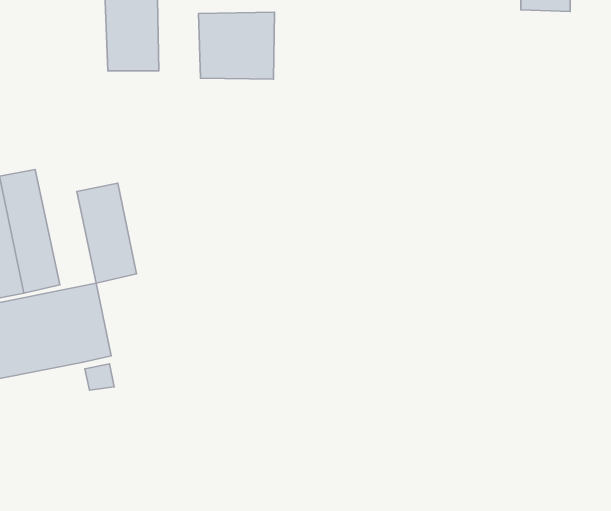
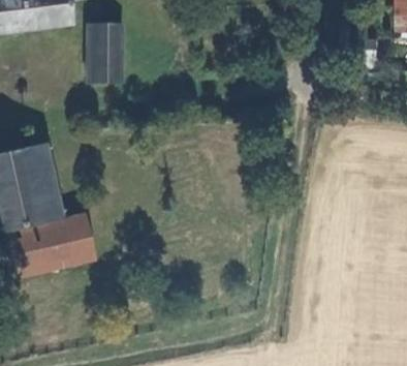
building: [199,12,274,79] -> none
building: [77,183,136,283] -> none

